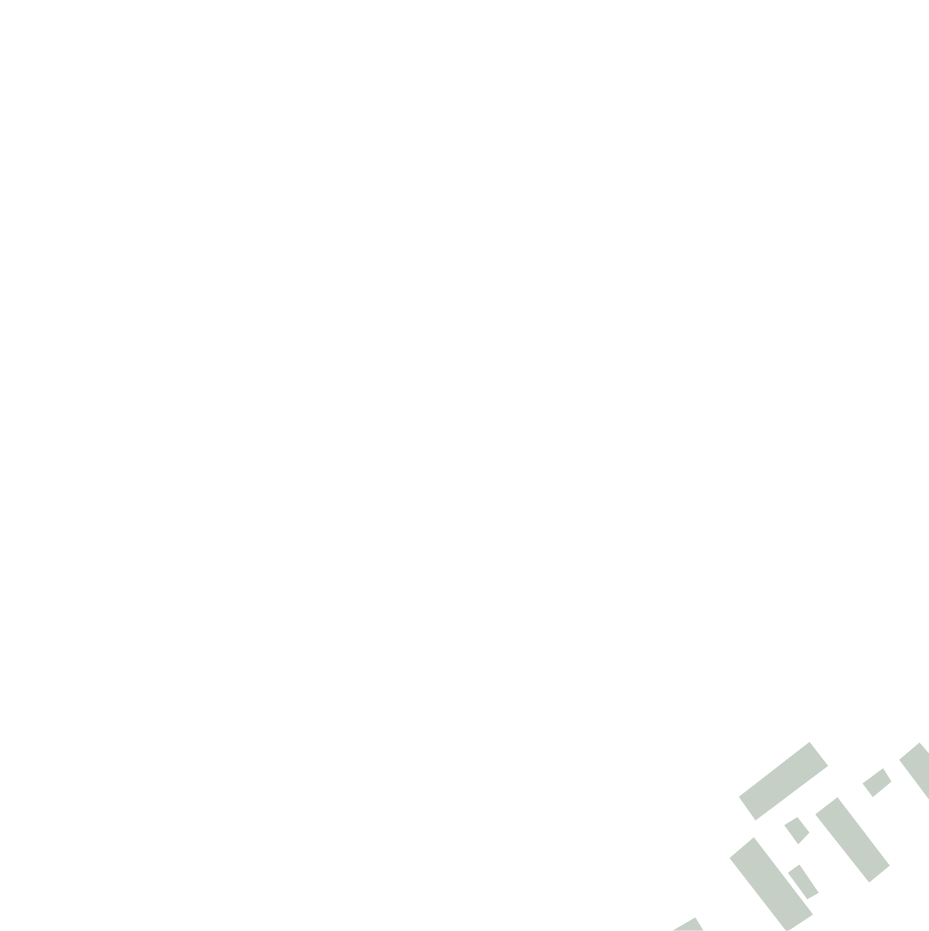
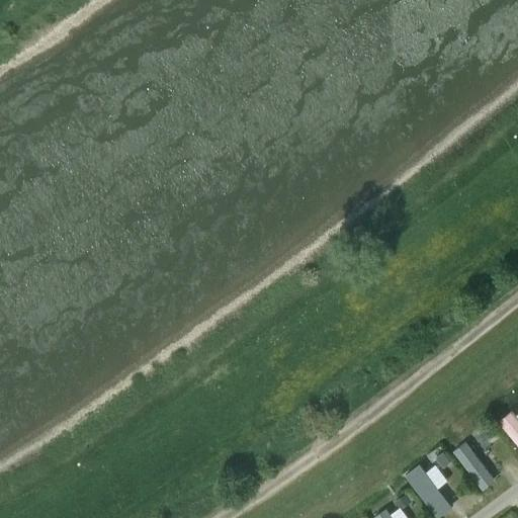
building: [738,741,829,821] -> none

